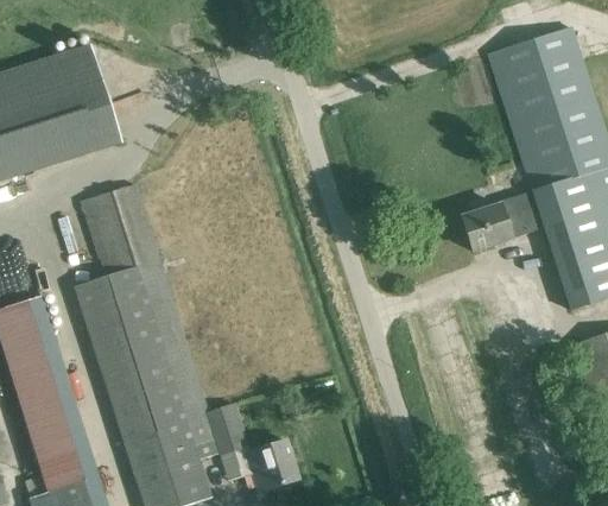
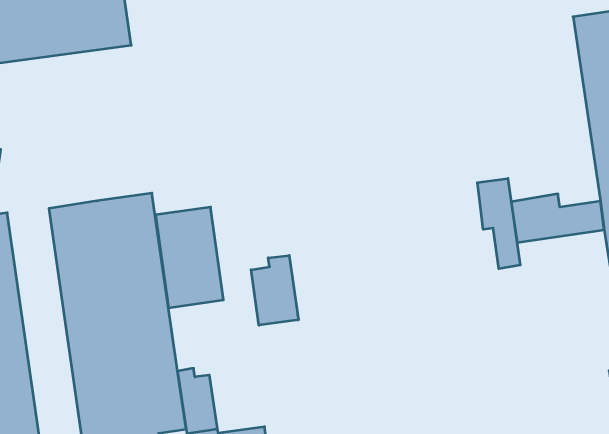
building: [90,184,159,274] -> [156,207,223,308]
building: none -> [477,178,520,269]
building: none -> [251,255,298,325]

